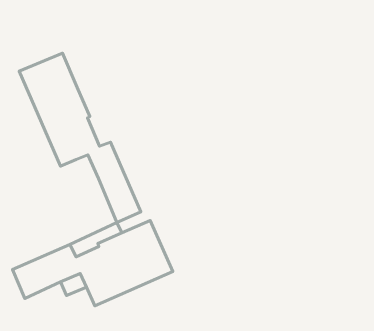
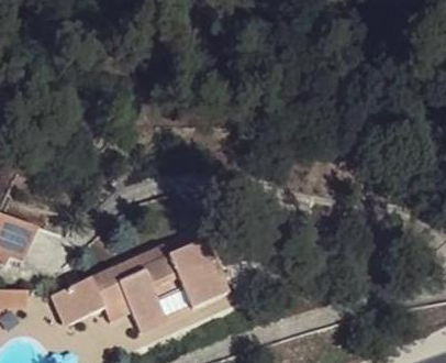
building: [19,53,141,223] -> none

